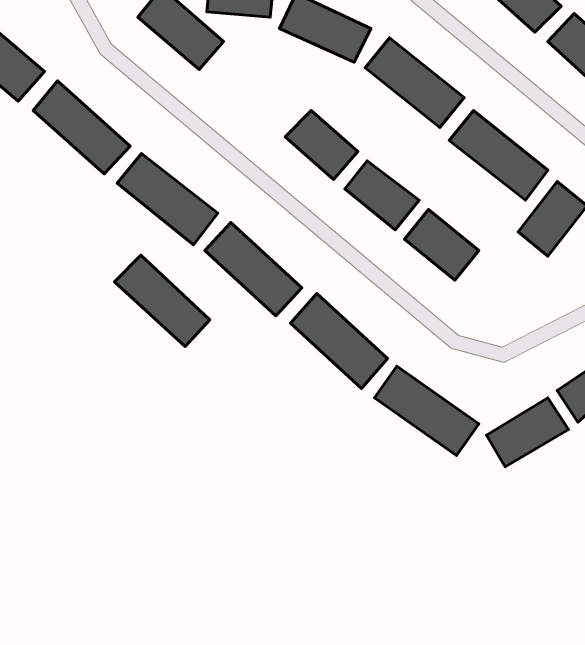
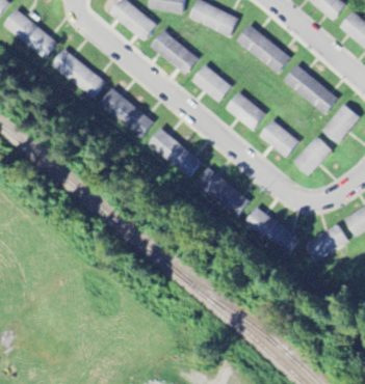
building: none -> [150,30,200,74]
building: none -> [293,135,332,175]
building: [114,255,210,346] -> none

